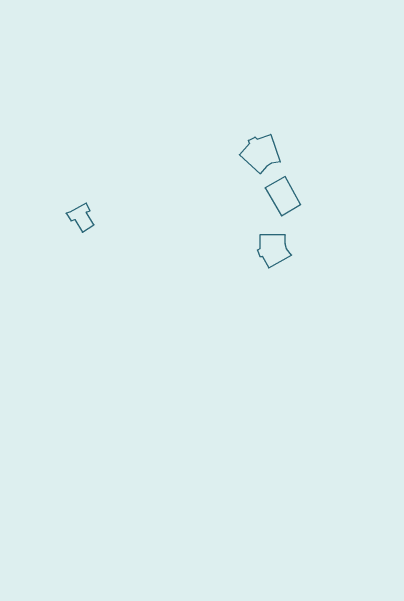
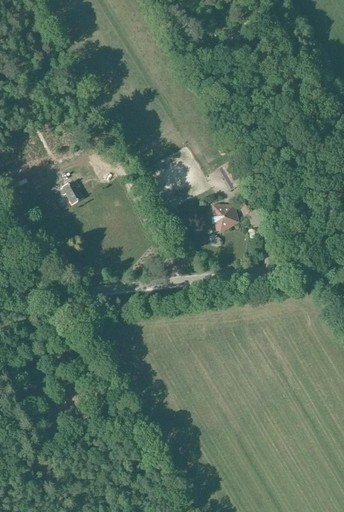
building: [239,134,280,174] -> none

